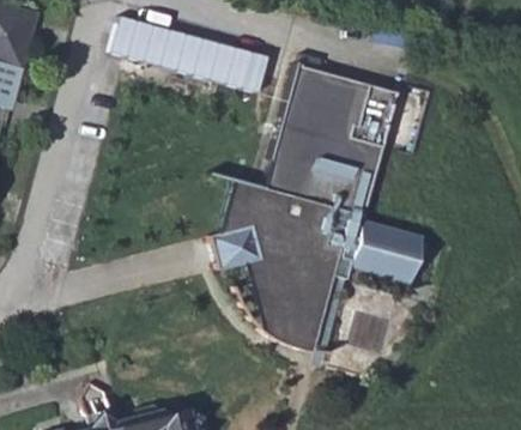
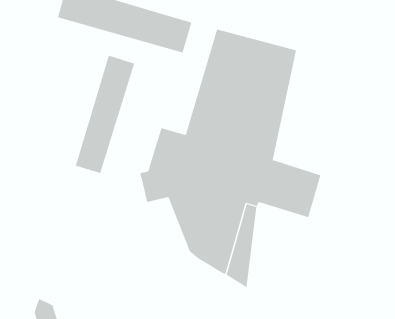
building: none -> [75,55,135,174]

